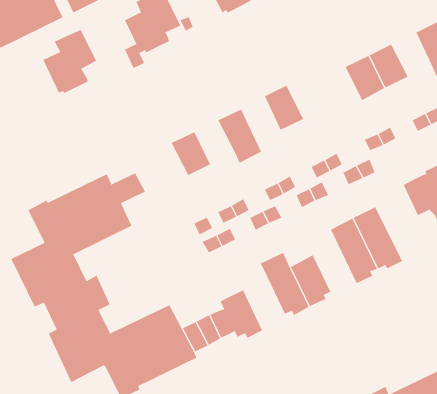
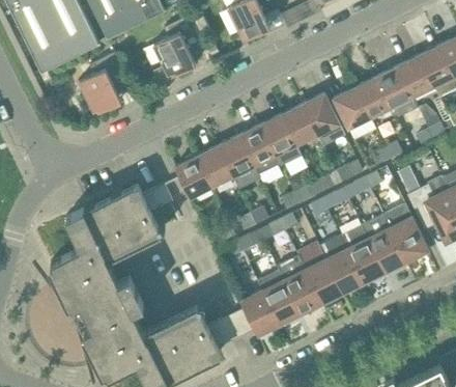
building: none -> [397,56,433,96]
building: none -> [333,87,370,129]
building: none -> [303,93,344,146]
building: none -> [260,114,302,167]
building: none -> [218,136,254,176]
building: none -> [174,156,211,197]
building: none -> [382,203,427,265]
building: none -> [319,236,365,293]
building: none -> [258,272,300,328]

